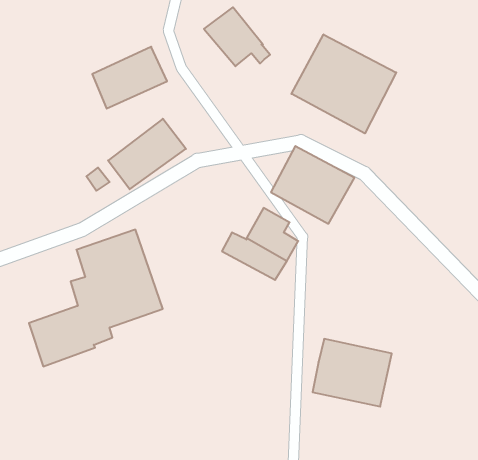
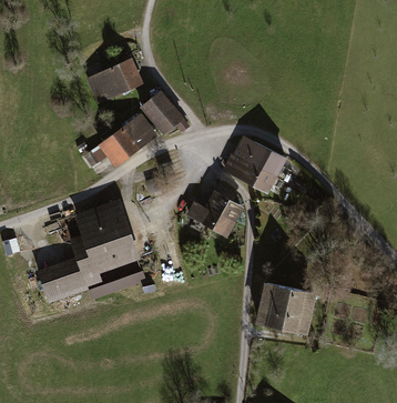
building: [204,7,270,66] -> [139,89,190,134]
building: [291,34,396,133] -> none

